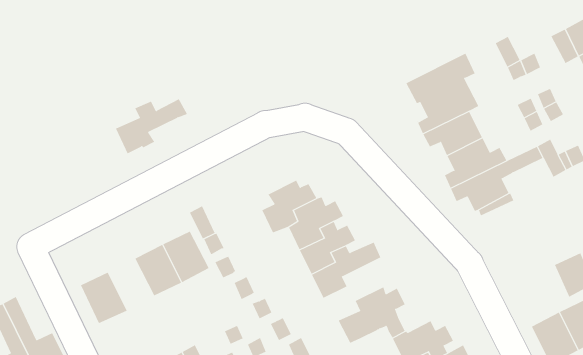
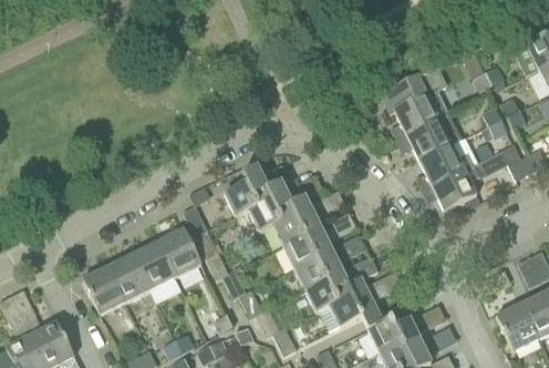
building: [115,98,188,154] -> [222,165,289,216]
building: none -> [107,255,149,303]
building: none -> [304,257,377,313]

